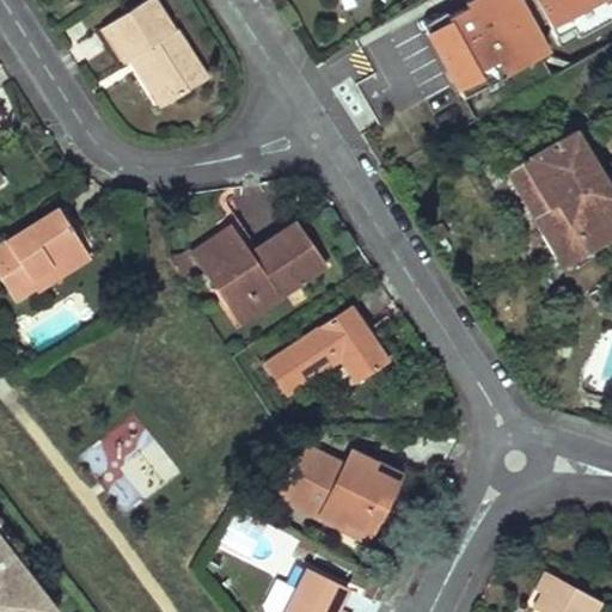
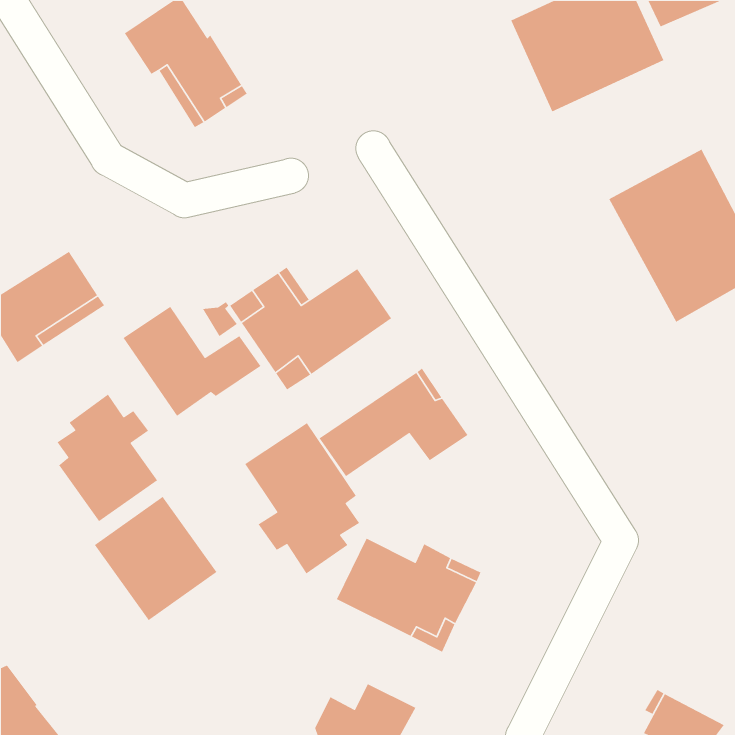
building: none -> [123,306,261,417]
building: none -> [57,393,158,522]
building: none -> [244,422,360,575]

